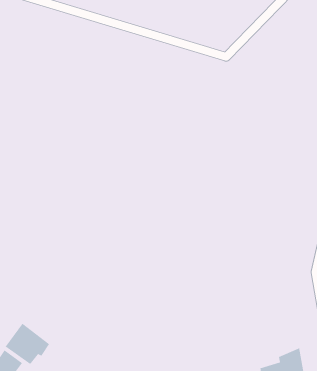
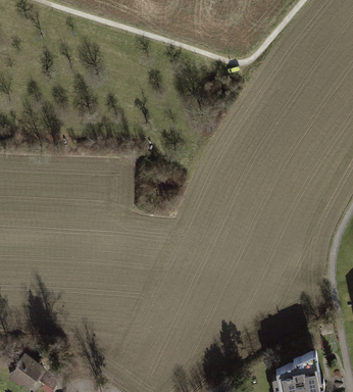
building: [5,323,50,365] -> none

